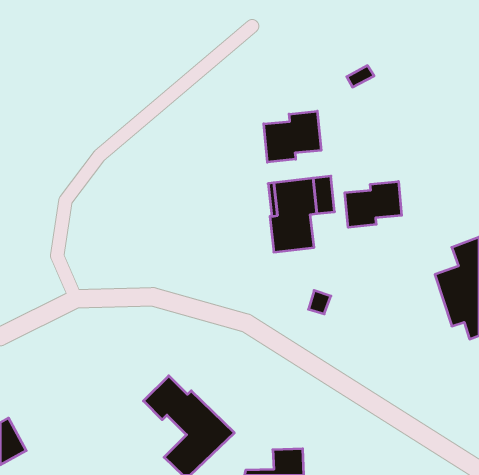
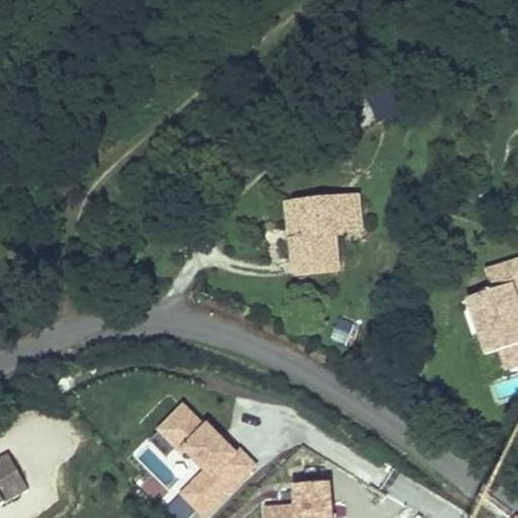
building: [264,111,321,162] -> none
building: [345,181,402,227] -> none

